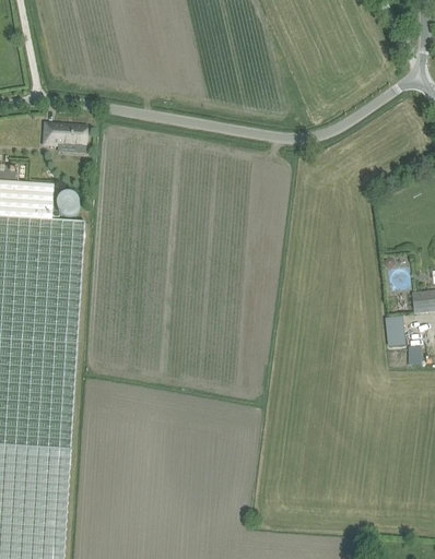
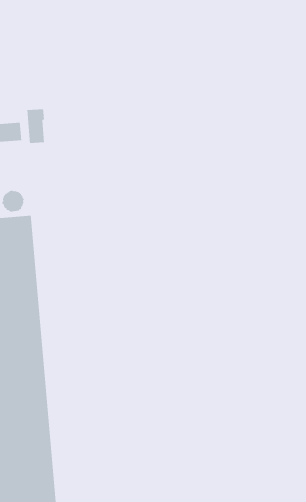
building: none -> [27,109,45,144]

